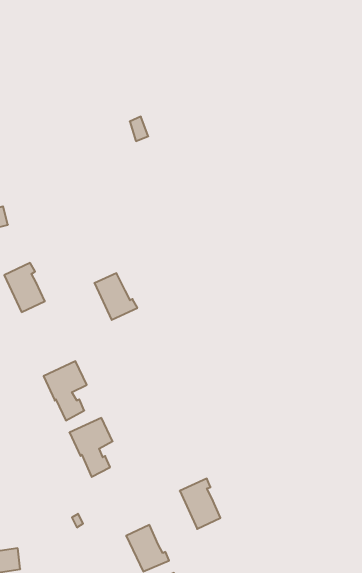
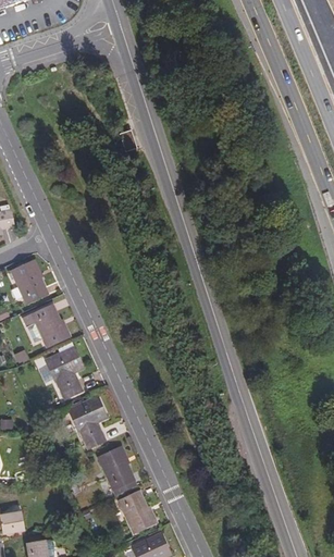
building: [94,273,137,320] -> [33,305,71,346]
building: [180,479,220,529] -> [99,445,135,490]

